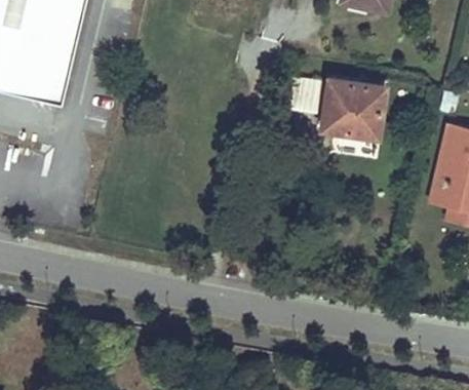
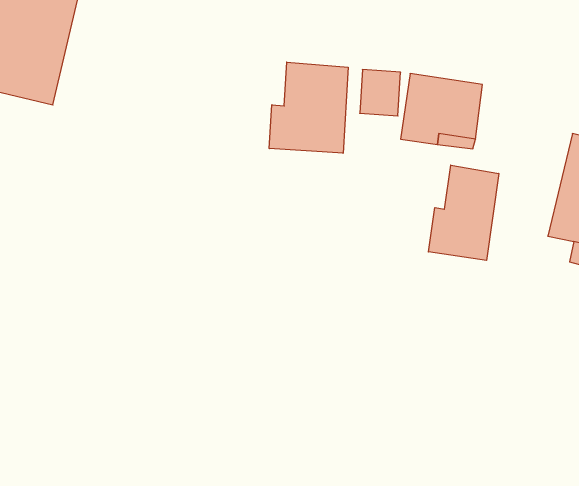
building: none -> [269,62,348,153]
building: none -> [428,165,499,260]

